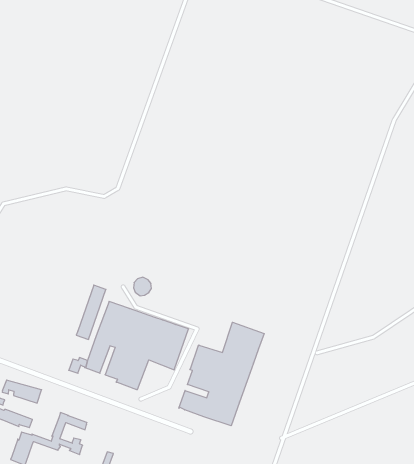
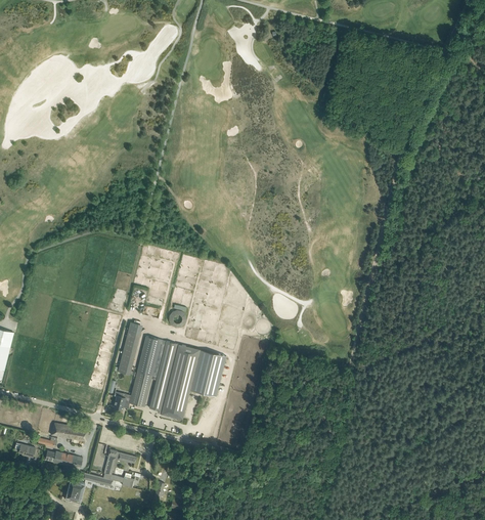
building: [179,322,264,426] -> none

